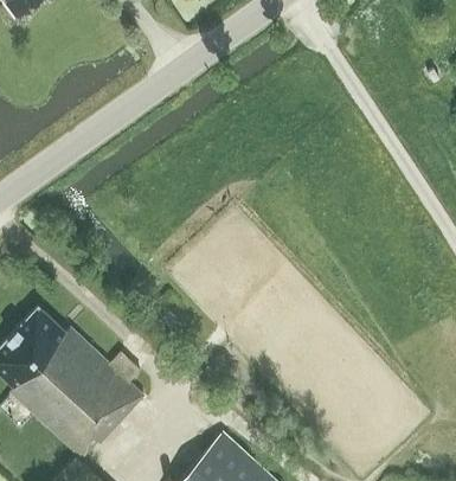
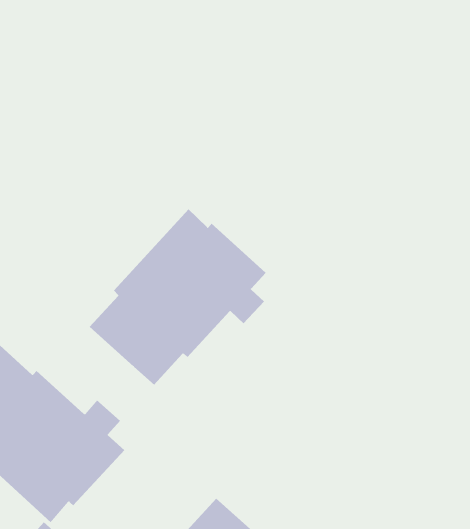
building: none -> [89,208,266,385]

